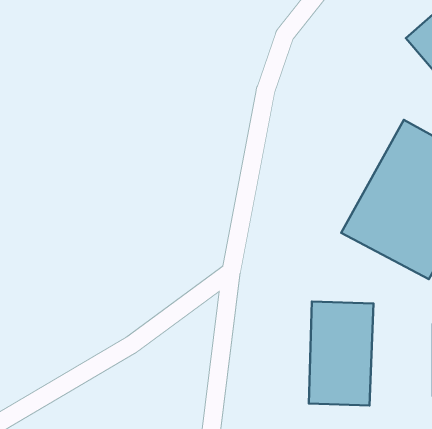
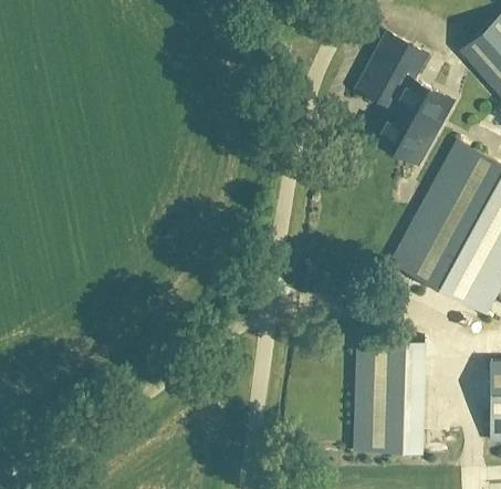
building: none -> [356,31,453,164]

